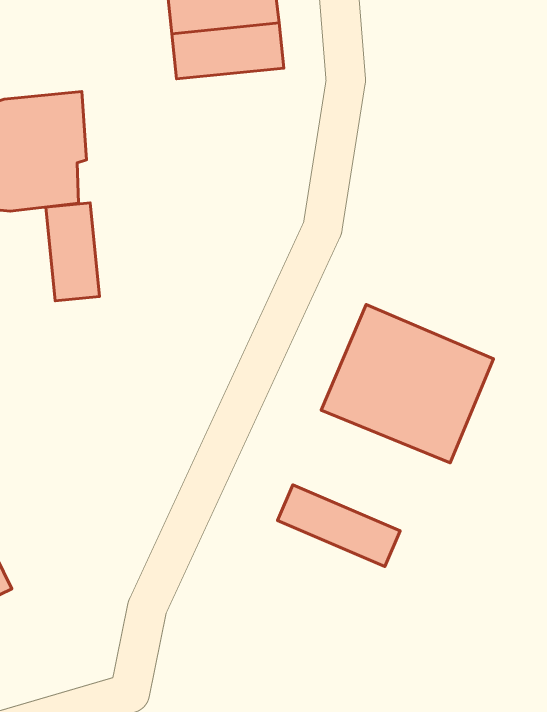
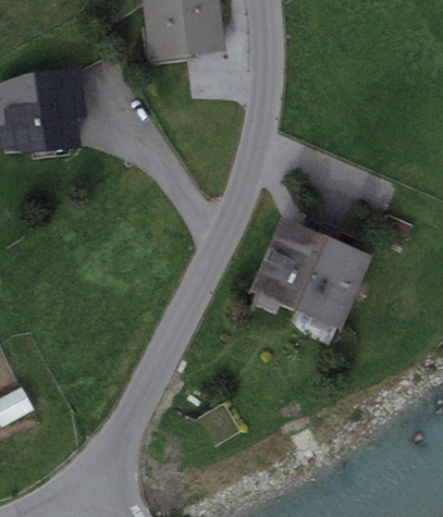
building: [46,203,99,301] -> none
building: [277,485,400,566] -> none

